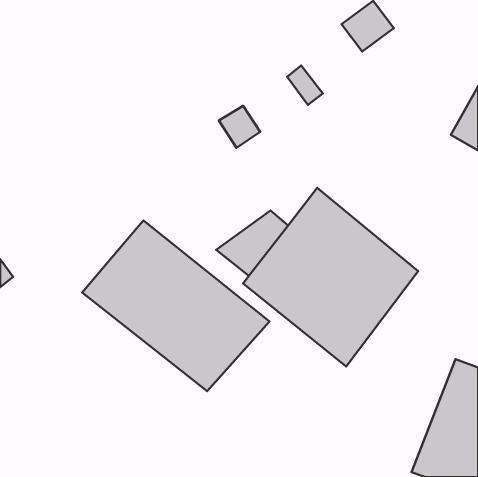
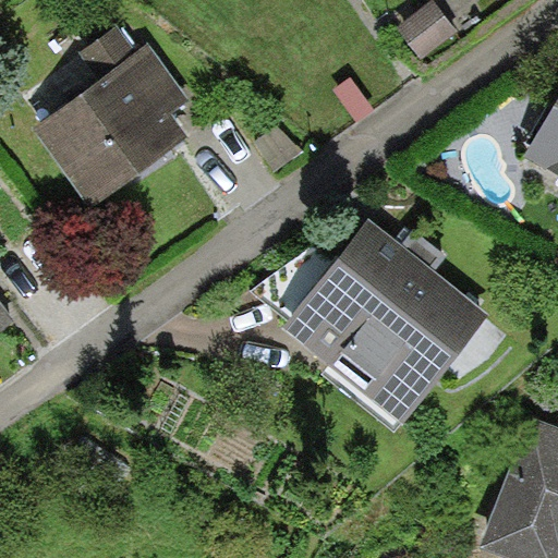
building: none -> [35,26,191,209]
building: [82,221,269,391] -> none

